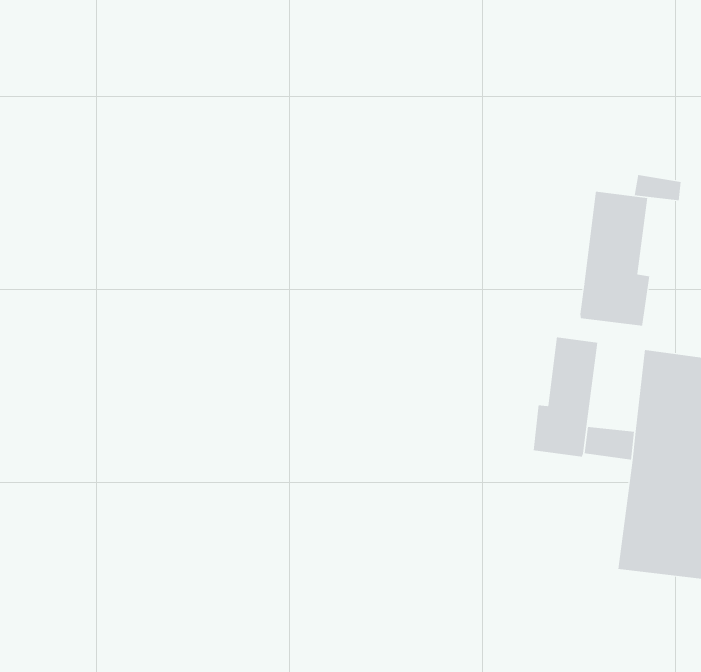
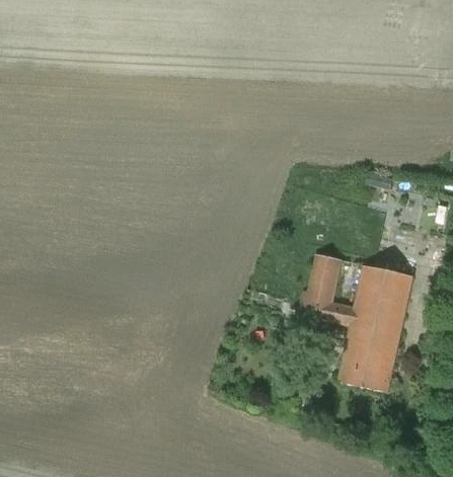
building: [580,191,650,327] -> none

